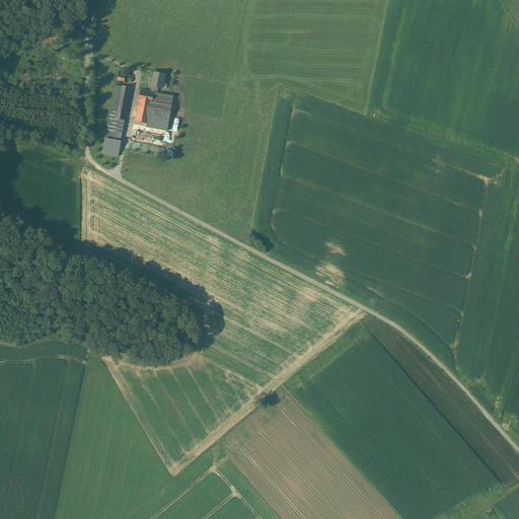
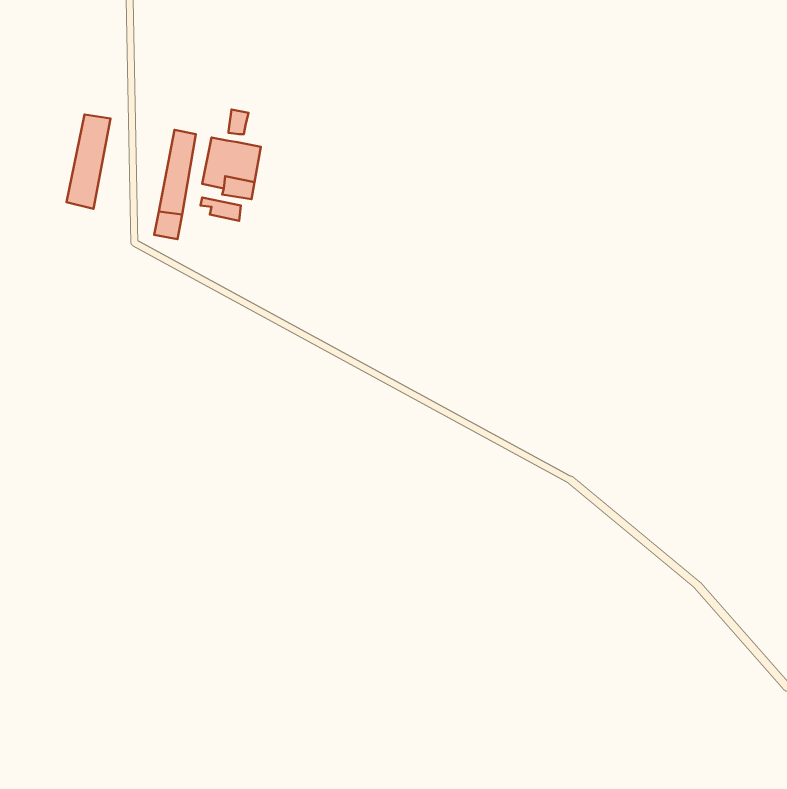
building: none -> [66,114,110,209]

